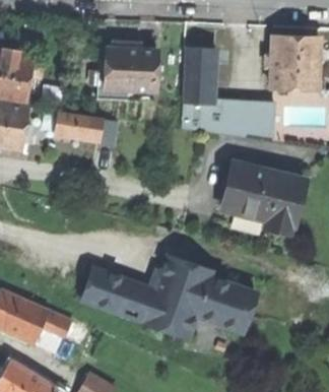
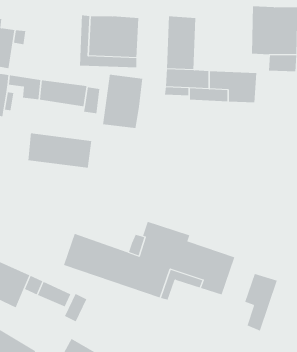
building: none -> [103,74,143,129]
building: [223,161,305,234] -> none
building: none -> [28,133,92,169]
building: none -> [244,273,278,331]

